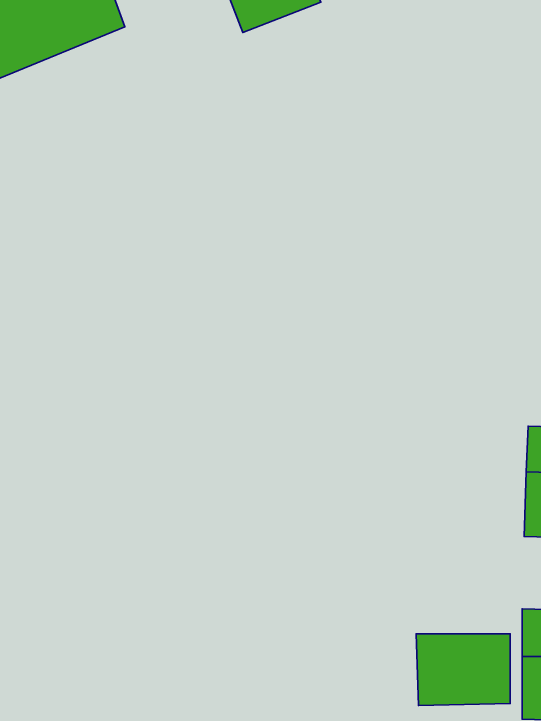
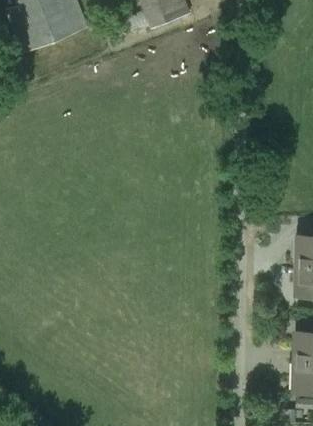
building: [416,634,510,706] -> none

